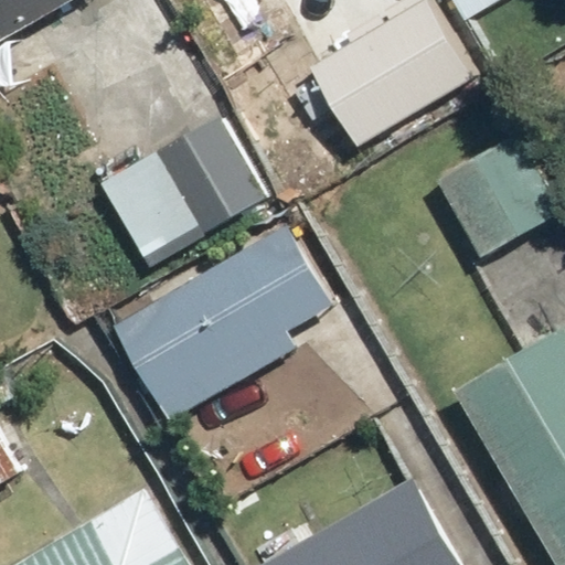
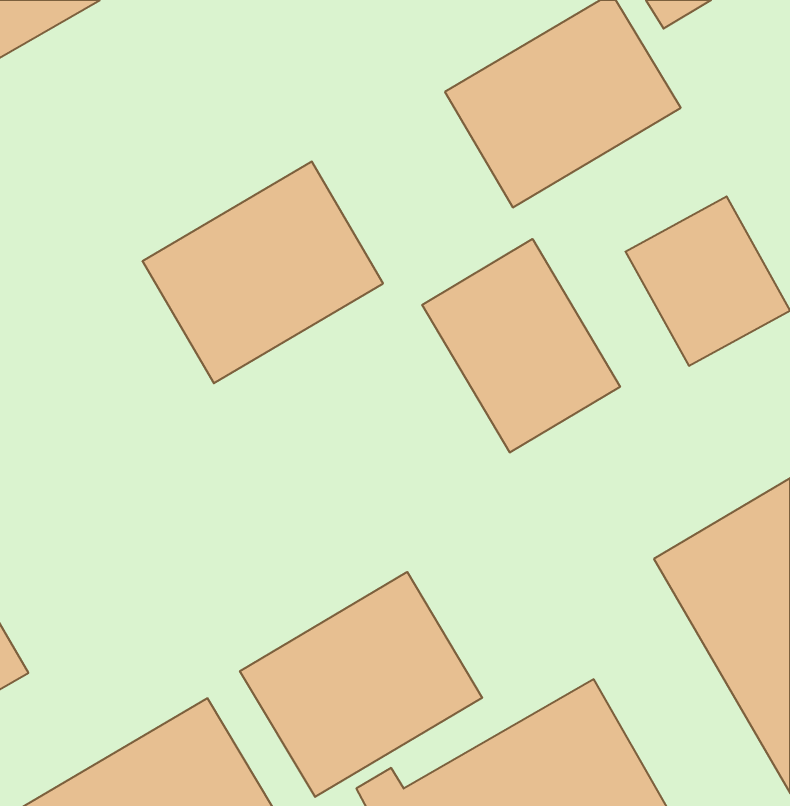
building: none -> [422,239,620,453]
building: [111,225,334,423] -> none
building: none -> [240,572,482,797]

